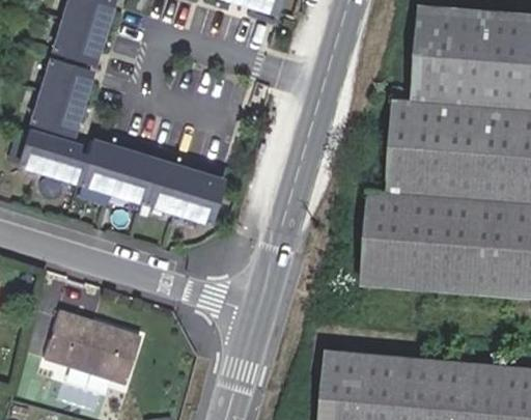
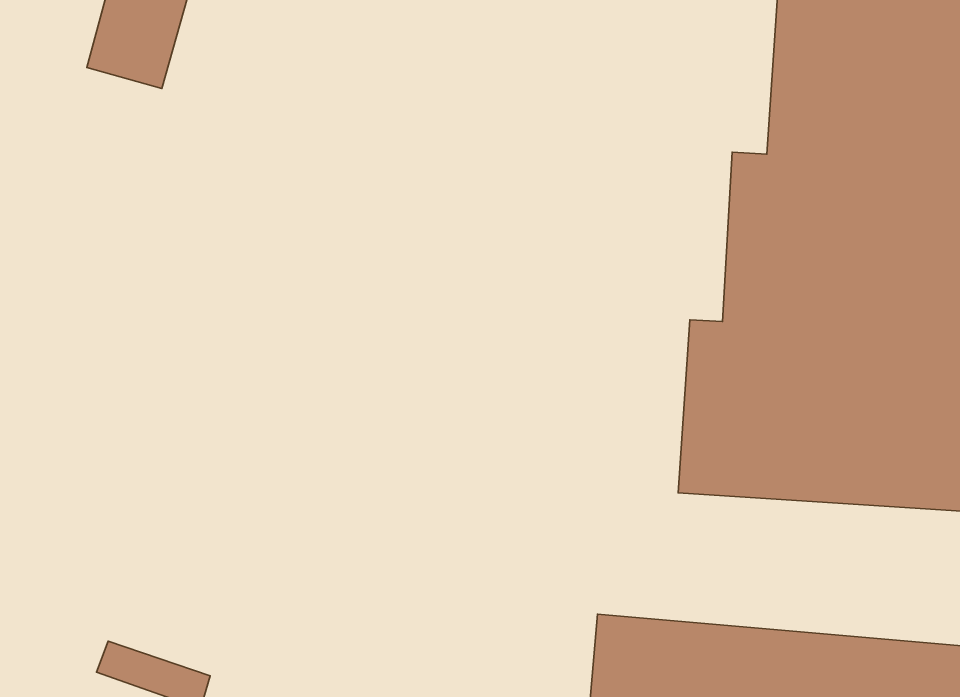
building: [29,62,87,136] -> none
building: [26,137,218,220] -> none
building: [44,310,139,382] -> none

